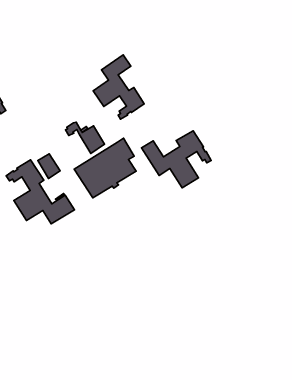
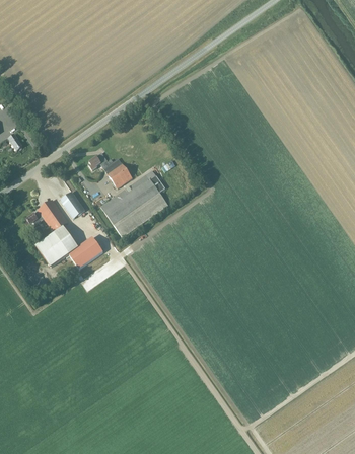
building: [93,55,144,119] -> none
building: [141,131,211,188] -> none

